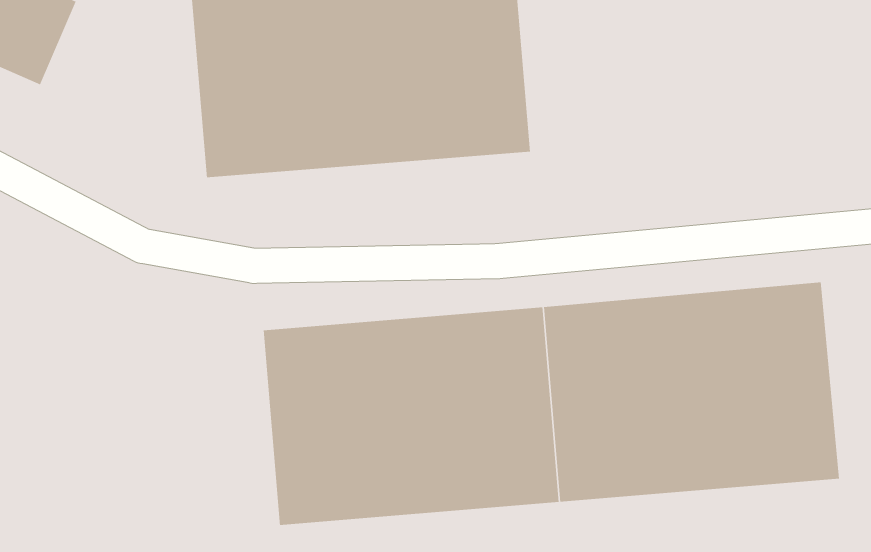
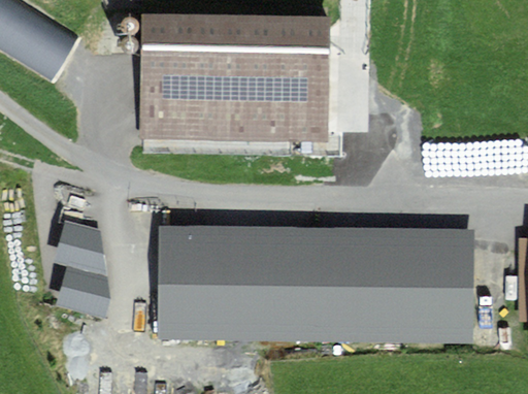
building: none -> [57,222,107,317]

